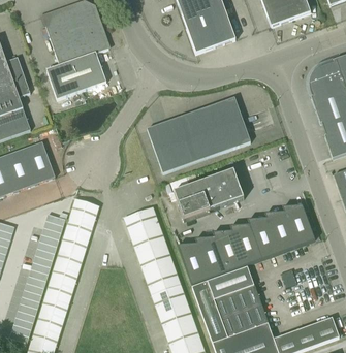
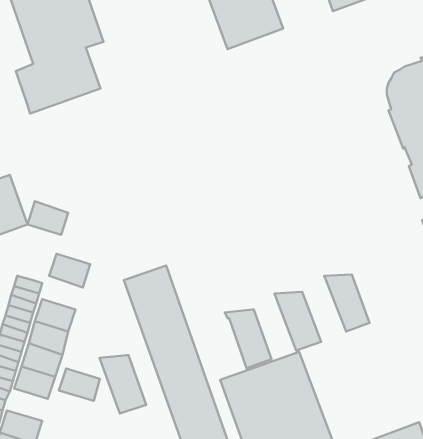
building: [147,96,250,172] -> none
building: [174,169,244,219] -> none
building: [282,204,315,246] -> none
building: [65,213,94,236] -> [27,201,68,235]
building: [247,218,280,259] -> none
building: [212,230,245,271] -> none
building: [177,243,210,284] -> [99,355,146,414]
building: [40,292,69,315] -> [59,369,100,401]

